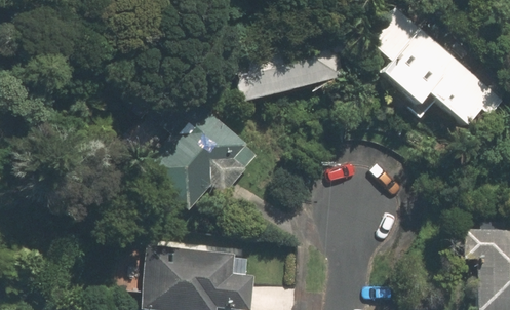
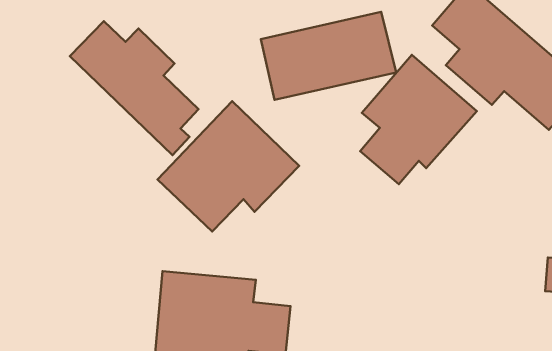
building: none -> [70,21,199,155]
building: none -> [360,55,477,184]

